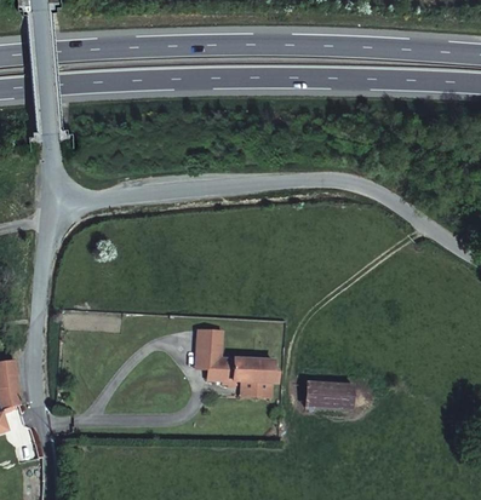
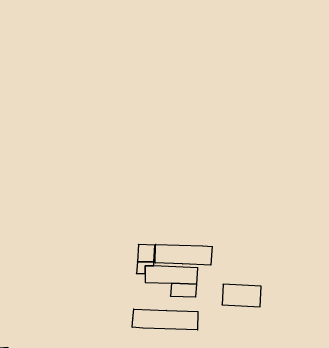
building: none -> [155,244,212,265]
building: none -> [132,309,198,330]

